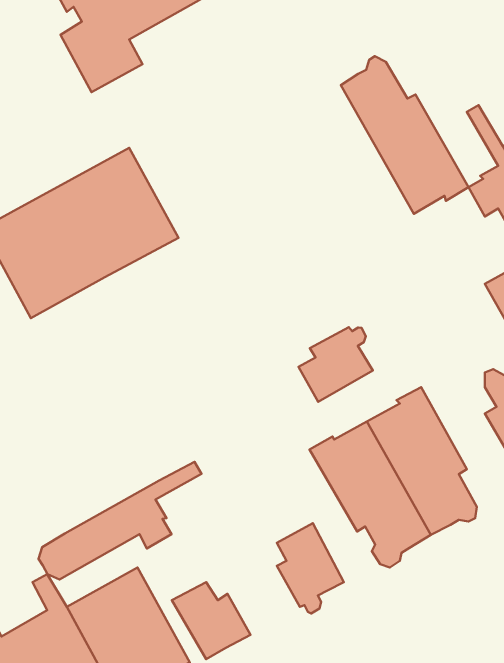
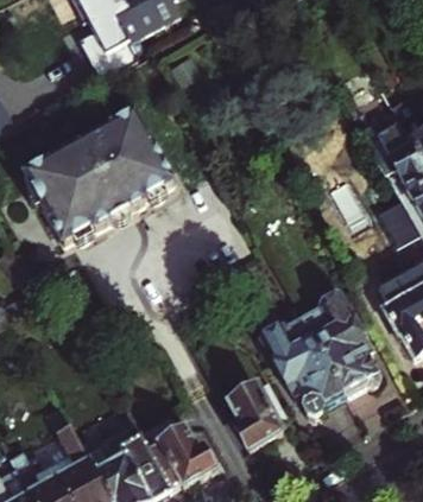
building: [341,56,469,214] -> none
building: [299,327,373,402] -> none
building: [39,462,201,579] -> none

